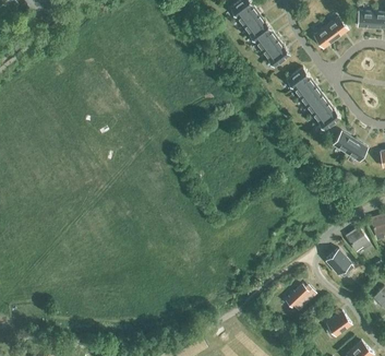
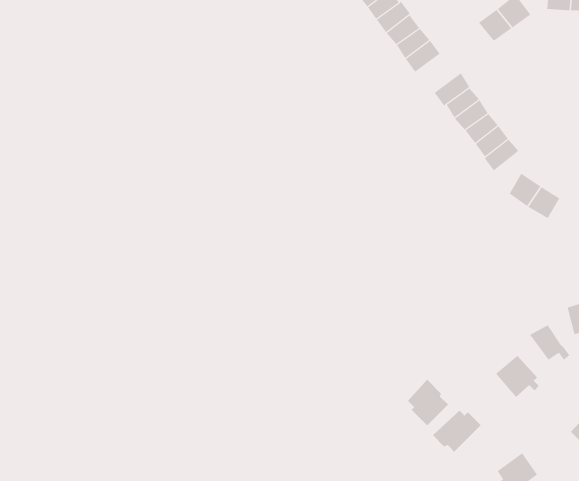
building: none -> [407,379,449,426]

